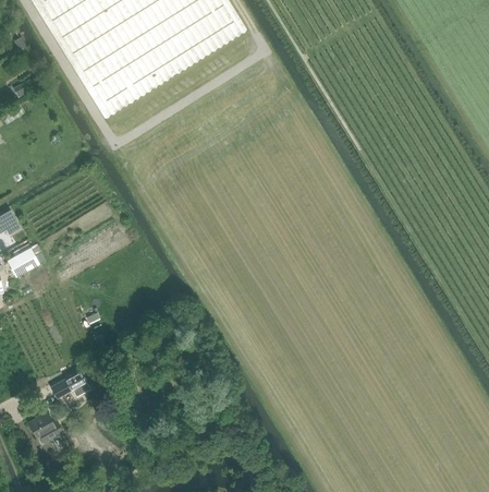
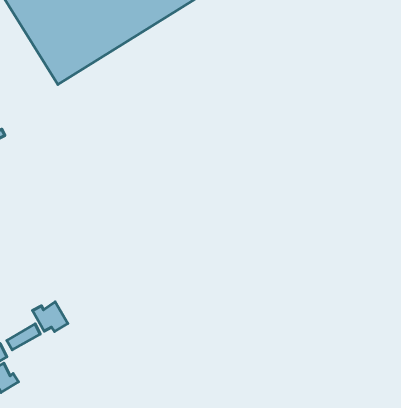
building: none -> [33,302,68,332]

